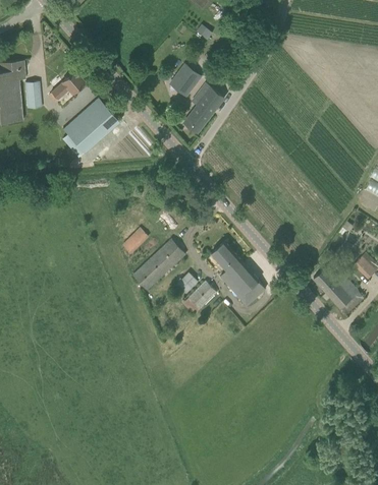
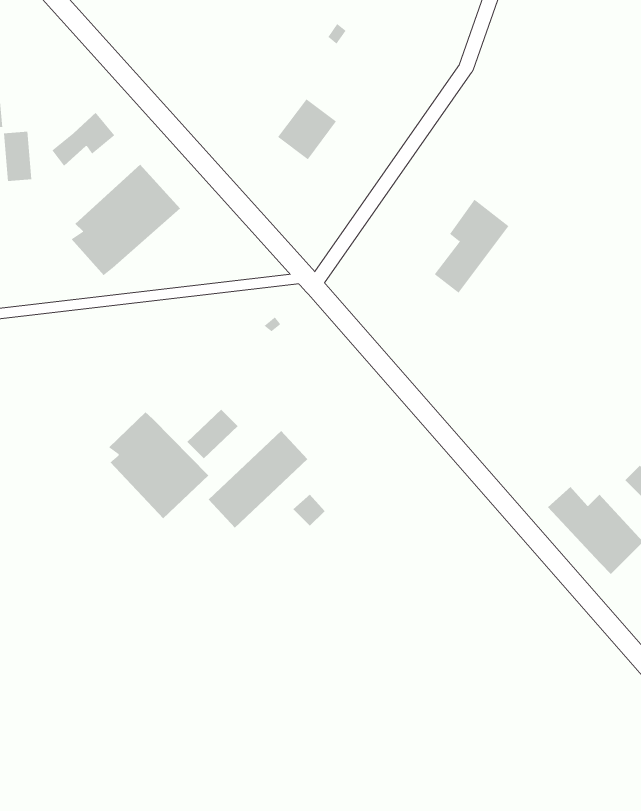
building: [184,82,225,132] -> [434,199,511,293]
building: none -> [108,412,209,519]
building: [211,241,266,305] -> none
building: [183,281,217,314] -> none

